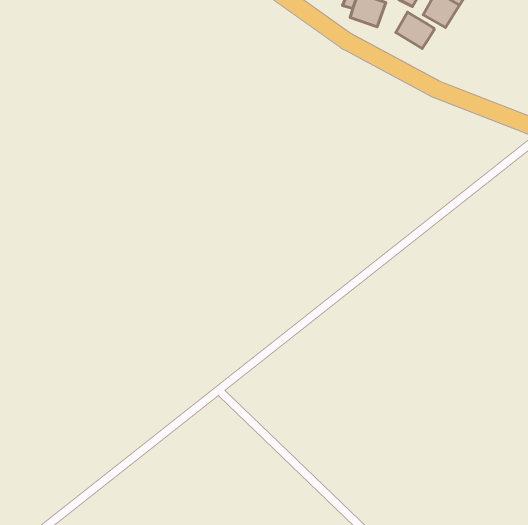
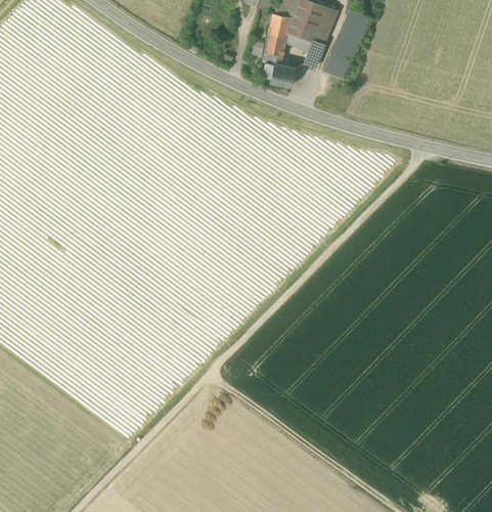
building: [396,12,434,49] -> none

